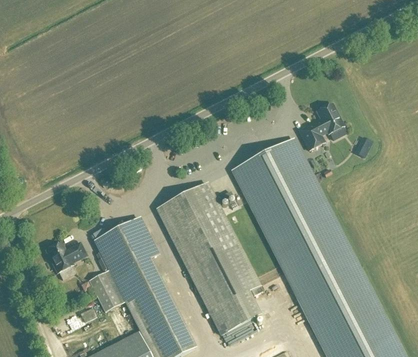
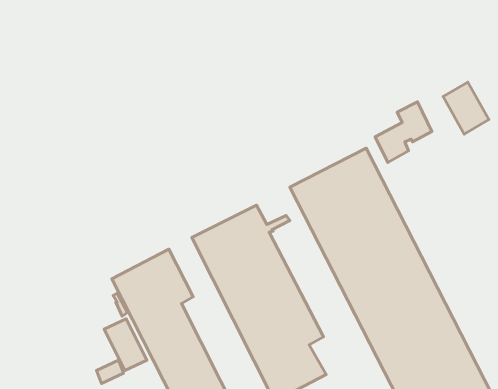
building: none -> [443,82,489,134]
building: [44,242,85,273] -> none

